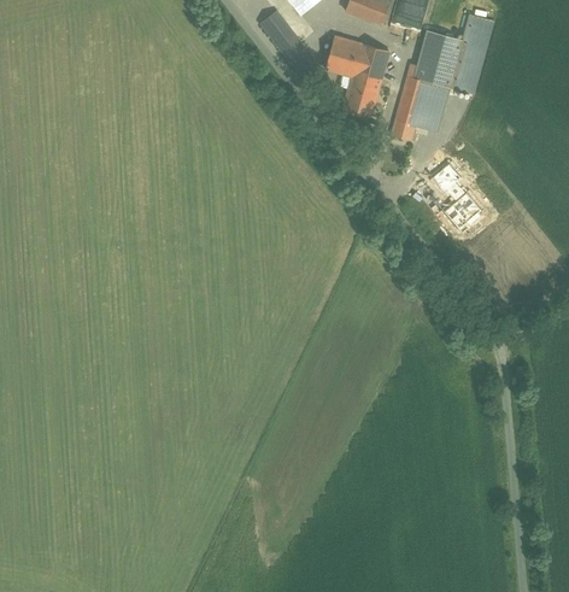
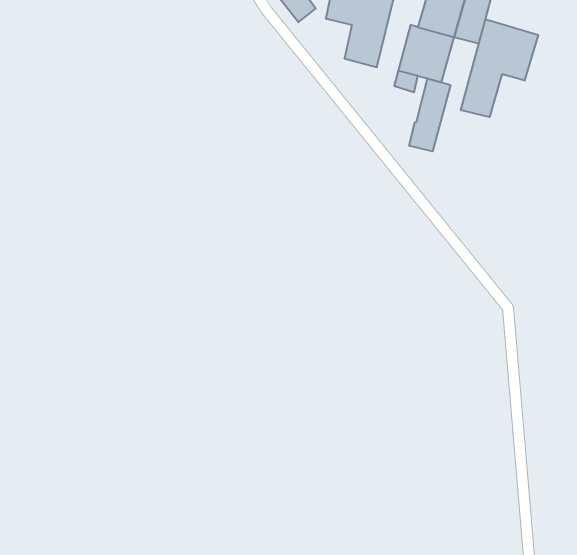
building: none -> [461,19,538,117]
building: none -> [409,78,450,151]

